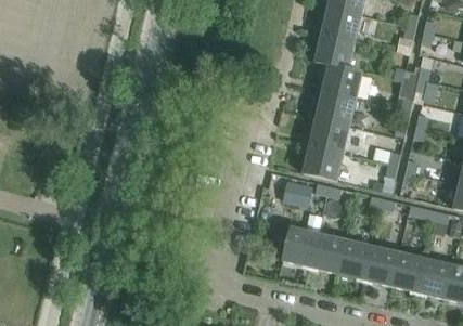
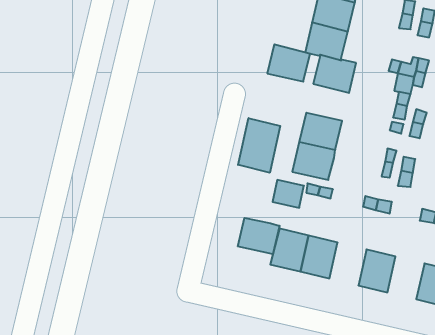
building: [314,91,355,126] -> [267,44,310,82]
building: none -> [238,118,280,173]
building: none -> [238,218,280,254]
building: [336,239,371,279] -> none
building: [390,252,425,292] -> none

